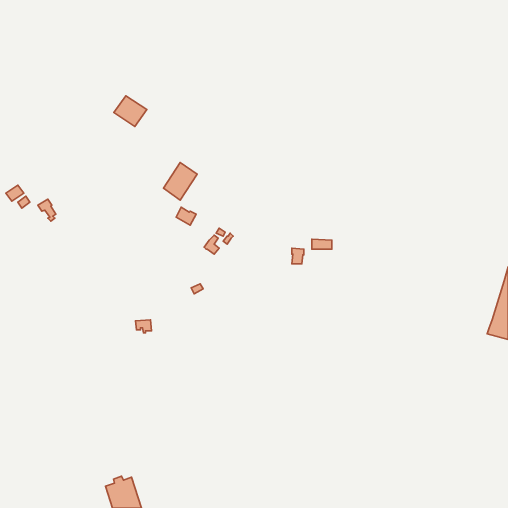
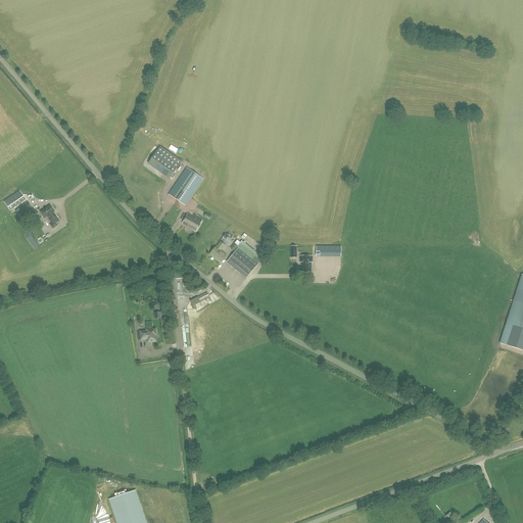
building: [114,96,147,127] -> [147,145,181,177]
building: none -> [228,241,258,277]

